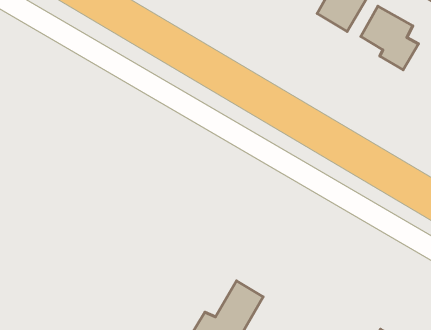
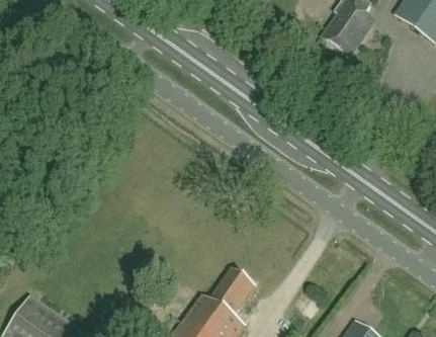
building: [361,6,419,70] -> none

